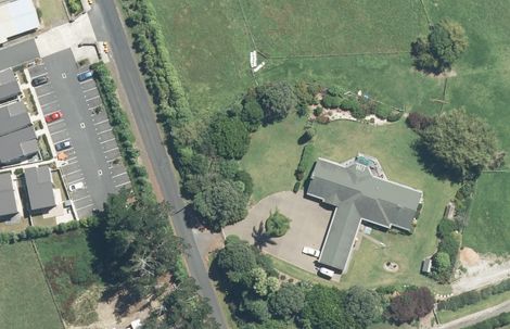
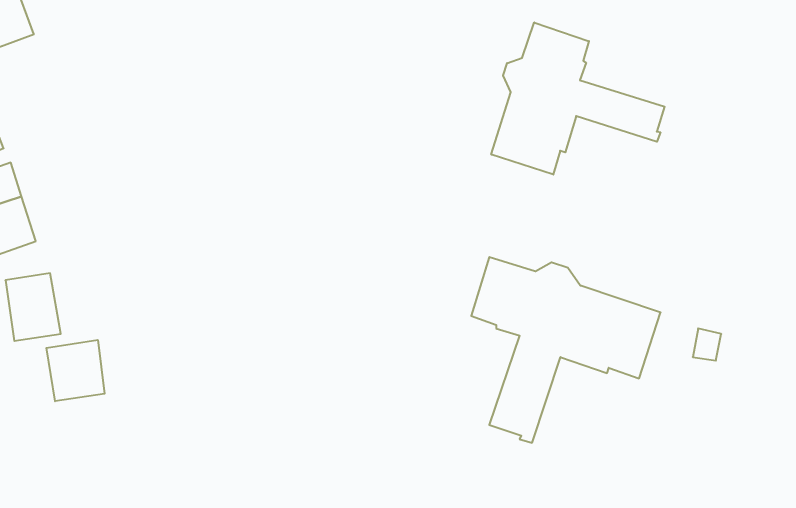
building: none -> [491,22,665,175]
building: none -> [46,340,105,401]

